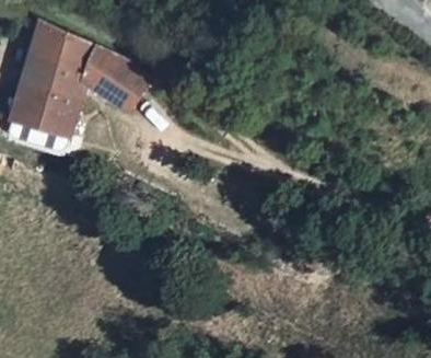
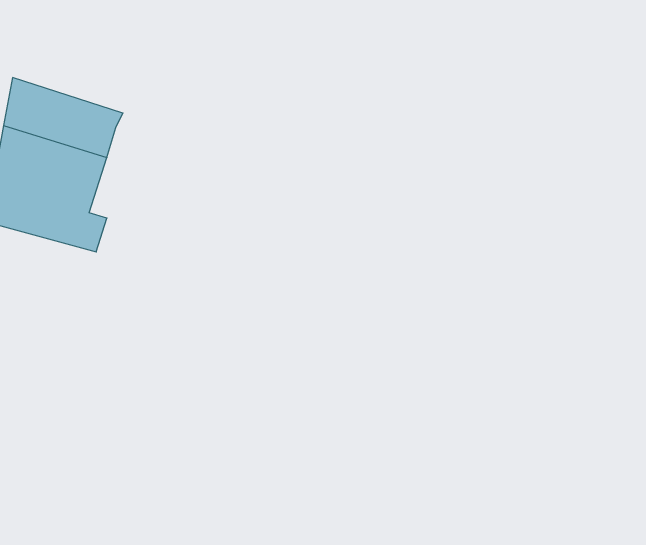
building: [26,21,147,107] -> none

